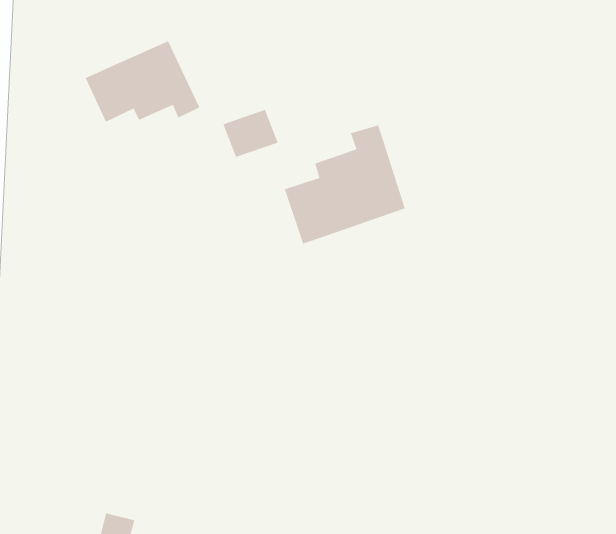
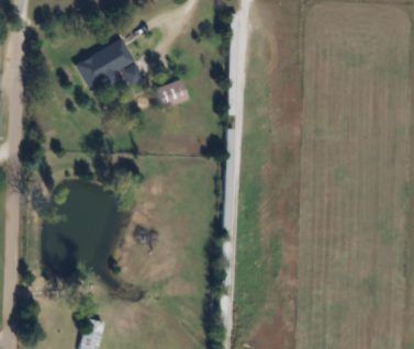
building: [284,124,406,244] -> none

